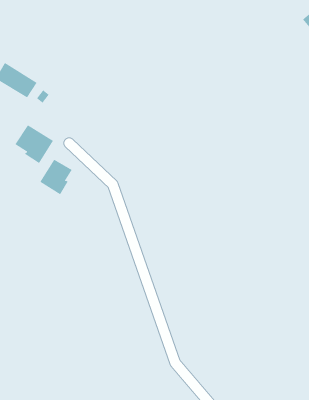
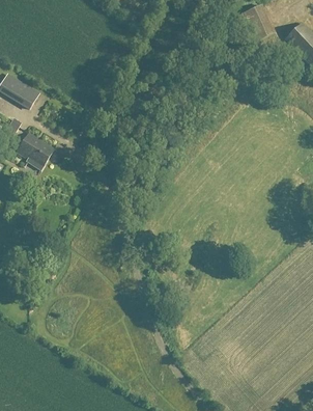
building: [40,159,72,195] -> none

